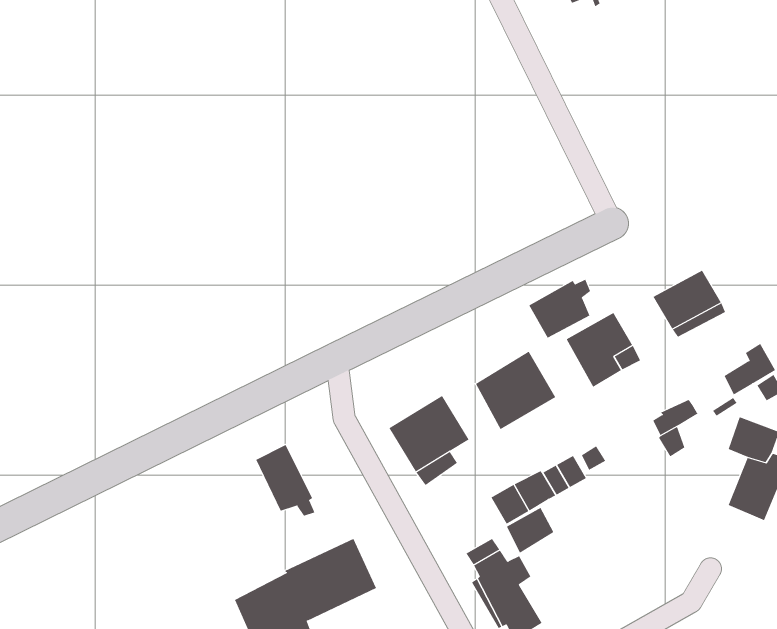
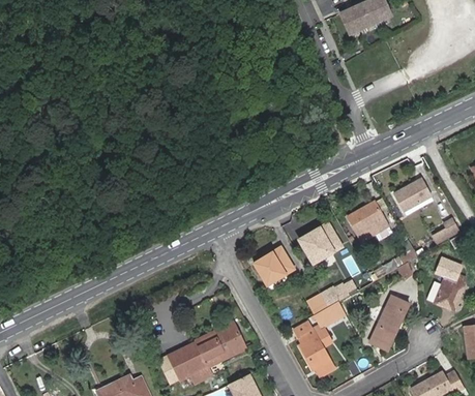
building: [529,279,591,339] -> none
building: [255,444,315,517] -> none
building: none -> [368,295,409,349]

